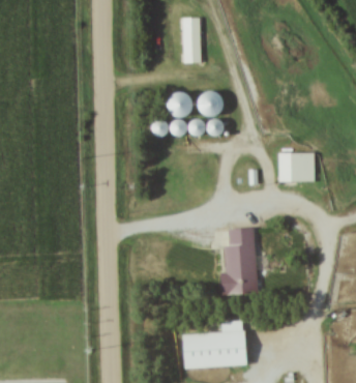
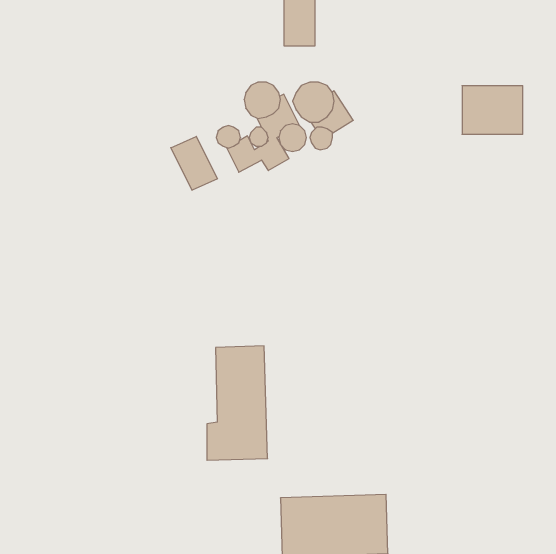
building: none -> [171,136,217,190]
building: [278,152,315,181] -> [462,86,523,134]
building: [220,228,257,296] -> [207,346,268,460]

